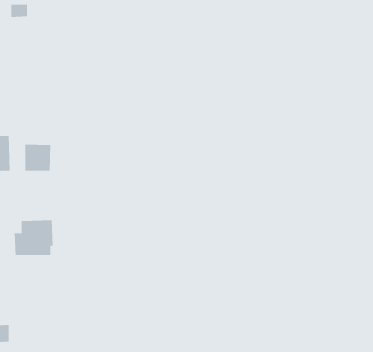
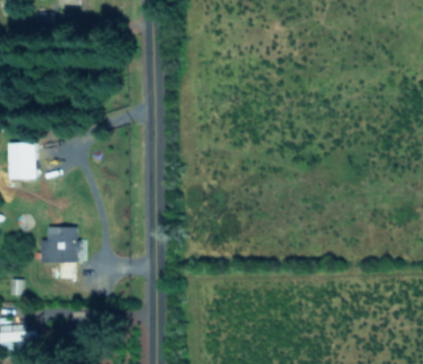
building: [25,144,51,171] -> none

